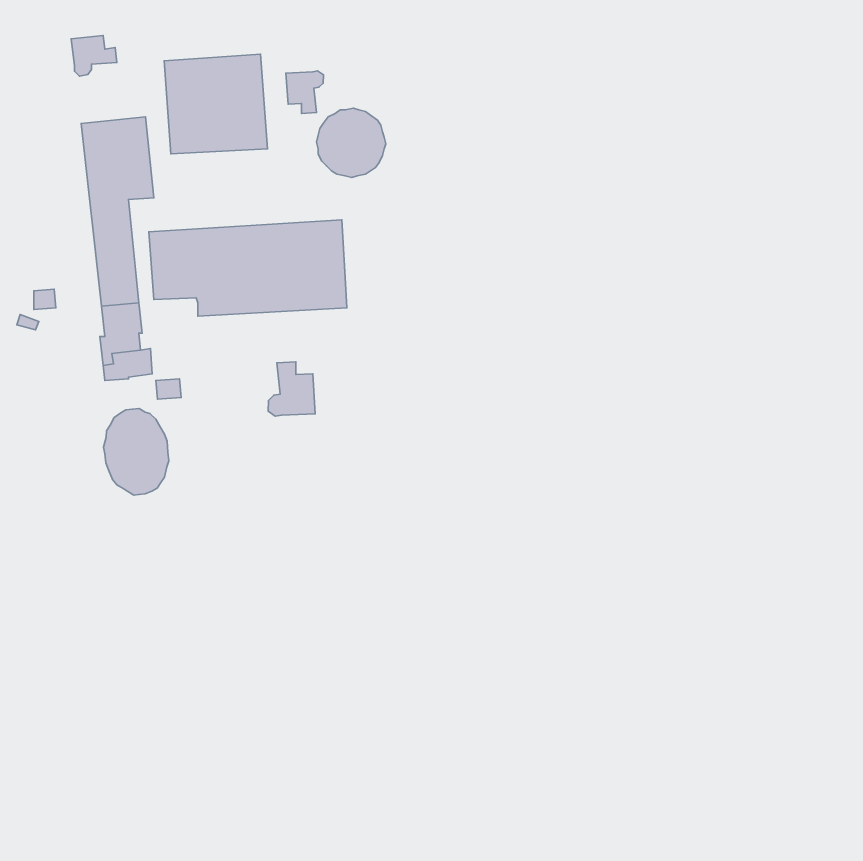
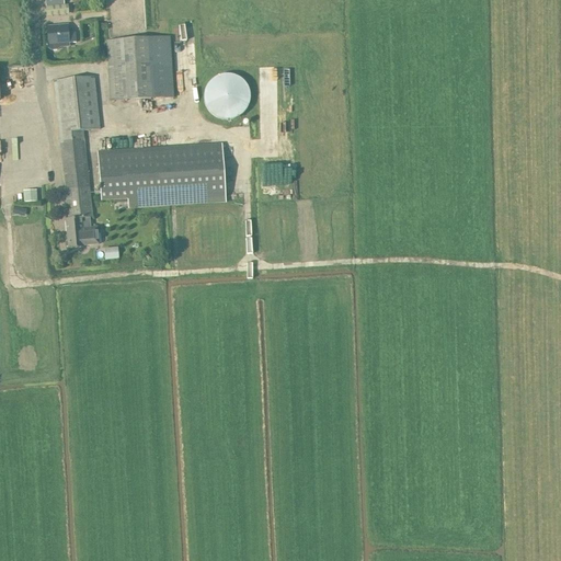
building: [286,71,323,113] -> none
building: [268,362,315,416] -> none
building: [104,409,169,495] -> none

